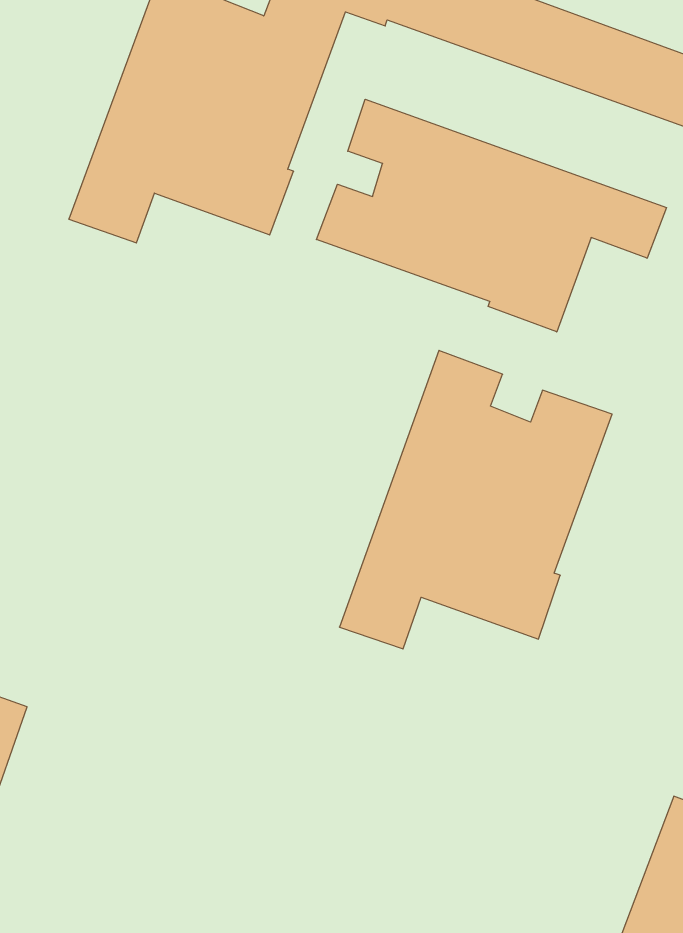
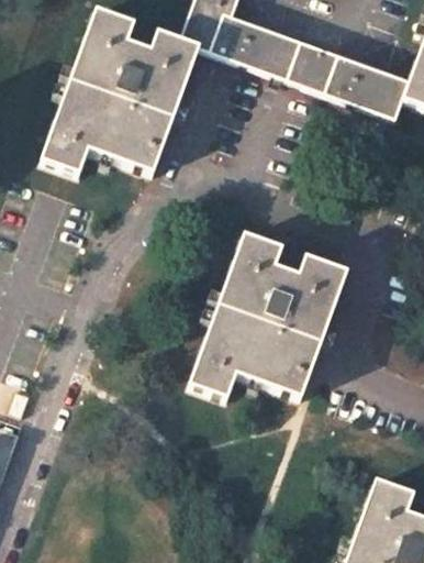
building: [316,99,666,332] -> none

